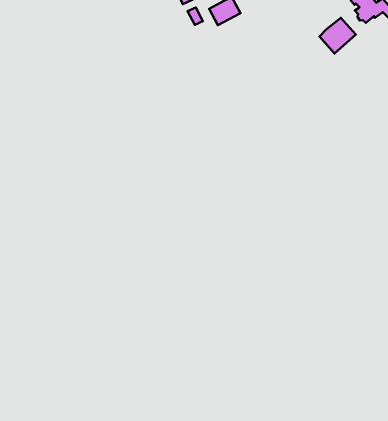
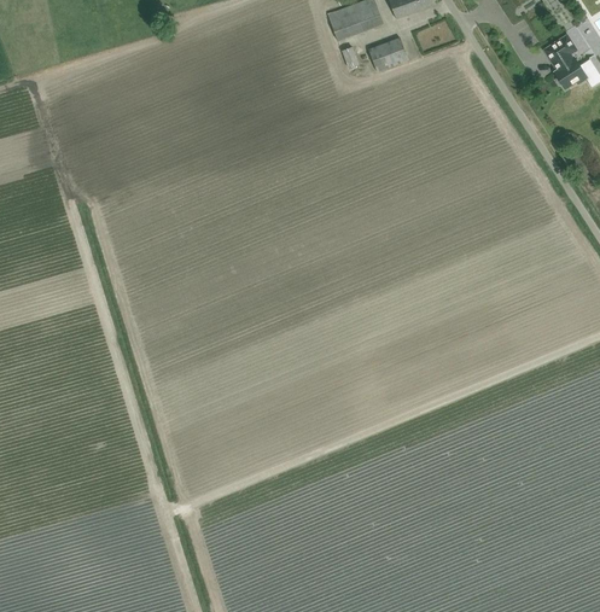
building: [319,18,356,53] -> none

